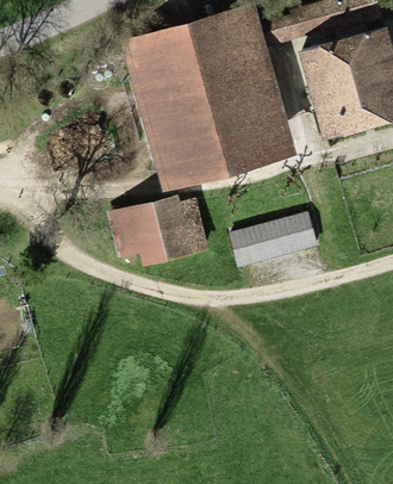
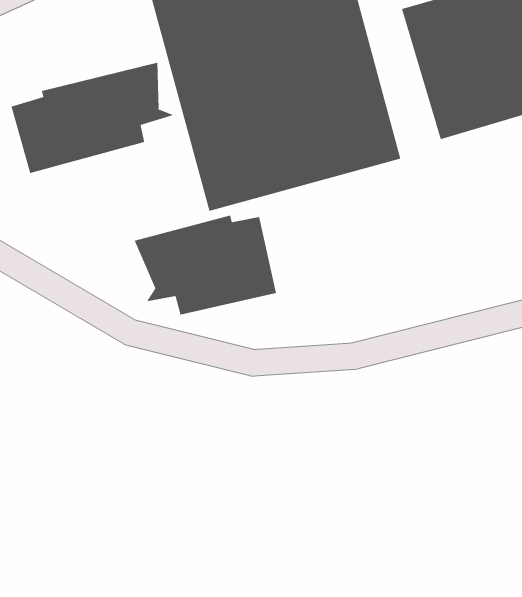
building: none -> [11,62,175,174]
building: [229,210,317,266] -> none

